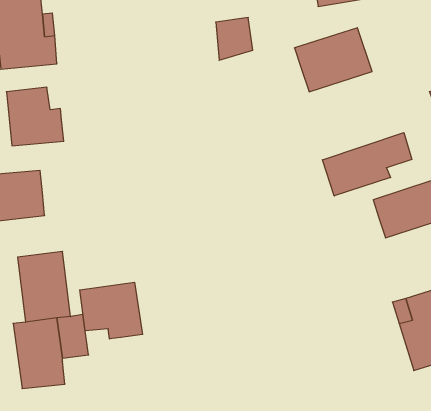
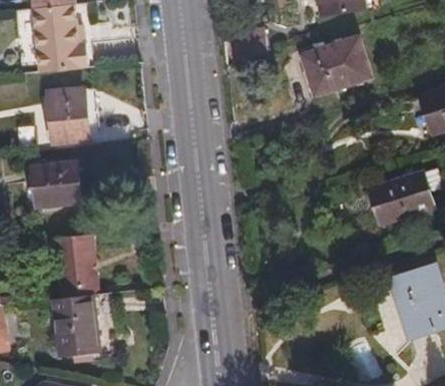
building: [322,133,412,196] -> none
building: [80,282,143,339] -> none

